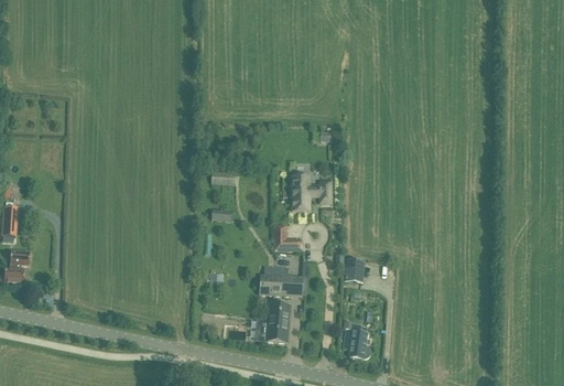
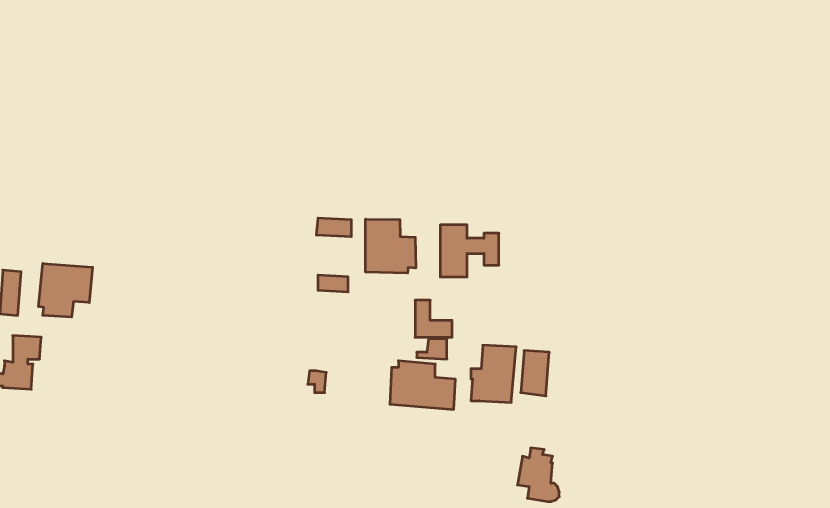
building: none -> [366,219,416,273]
building: none -> [39,263,93,317]
building: [260,303,290,341] -> [471,345,516,402]

